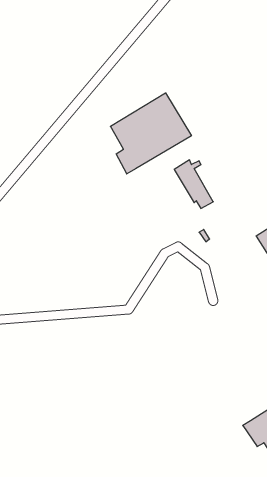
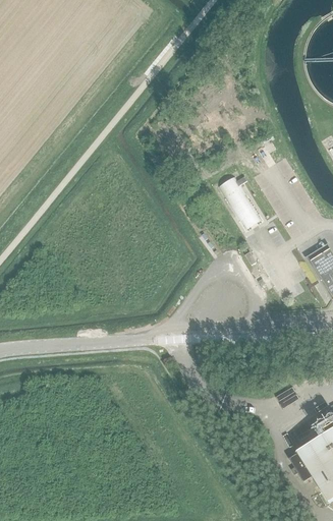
building: [110,93,191,174] -> none

